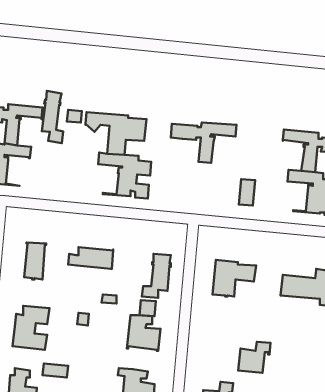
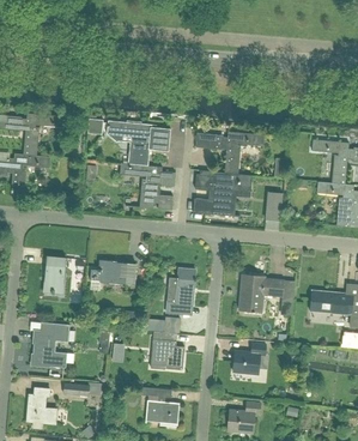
building: [42,91,63,143] -> none
building: none -> [193,170,251,217]
building: [238,342,271,373] -> [232,343,266,375]

